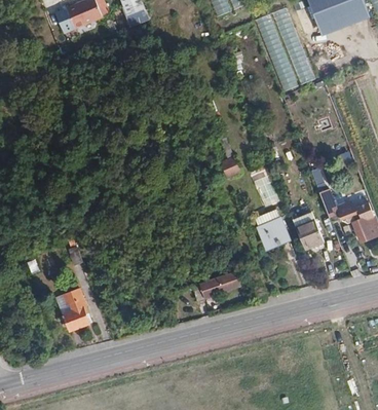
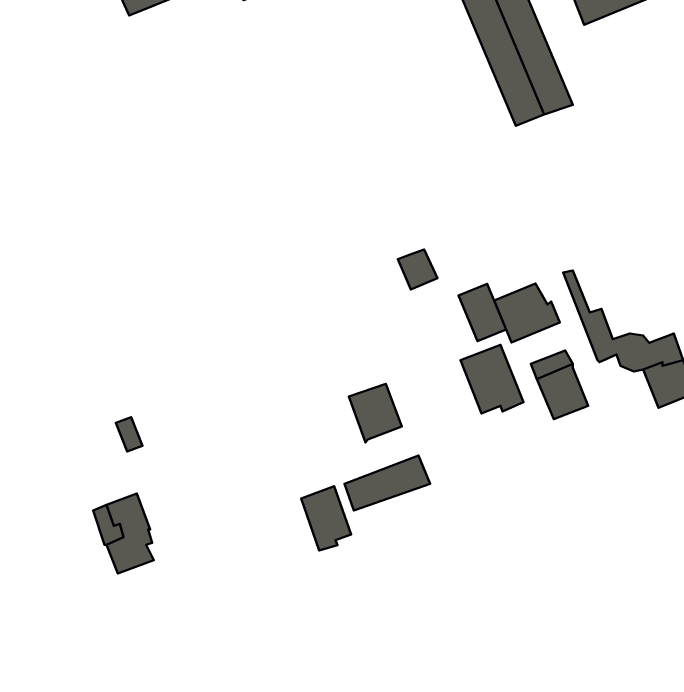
building: none -> [494,284,560,343]
building: none -> [349,384,402,442]
building: none -> [301,486,351,550]

